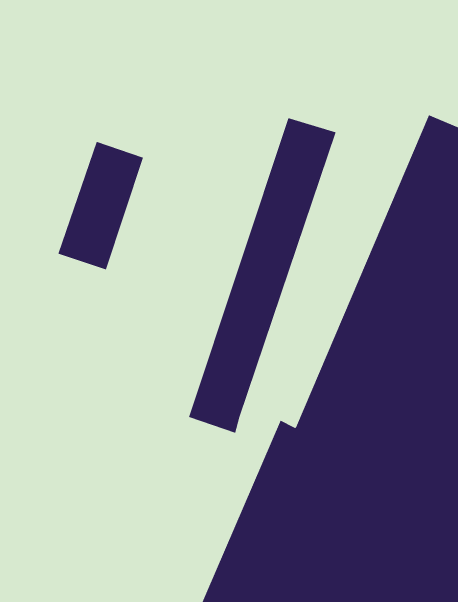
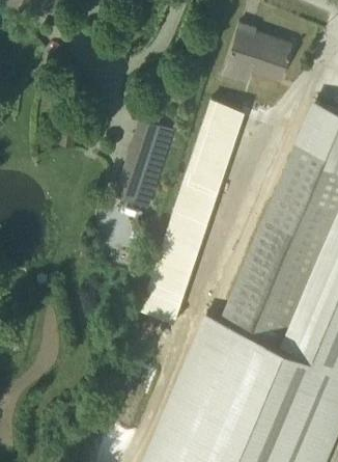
building: none -> [224,23,293,84]
building: [58,141,144,270] -> [116,119,176,210]

